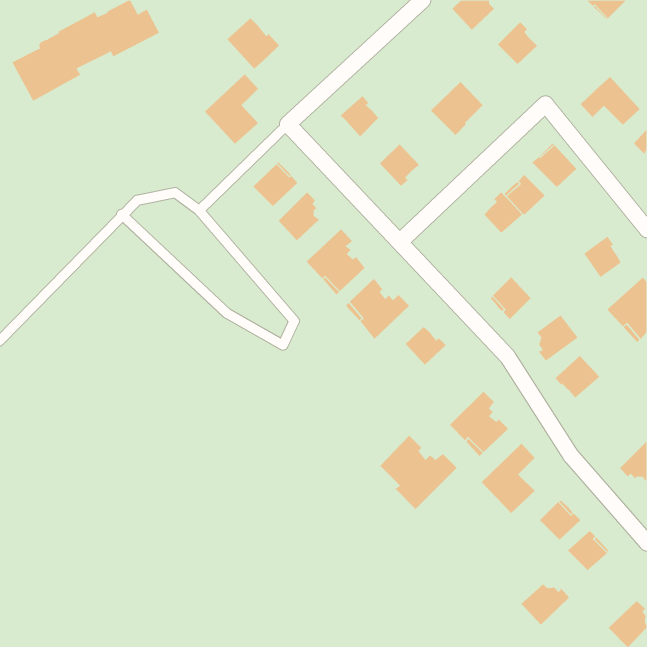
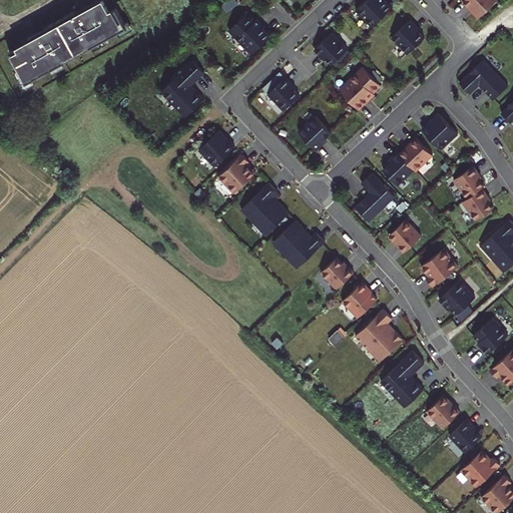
building: [226,18,280,70] -> [230,11,273,52]
building: none -> [315,32,348,63]
building: none -> [452,165,483,198]
building: none -> [354,173,394,221]
building: none -> [341,283,376,319]
building: none -> [472,319,506,354]
building: [380,435,458,510] -> none
building: [520,584,570,625] -> [460,454,499,487]

